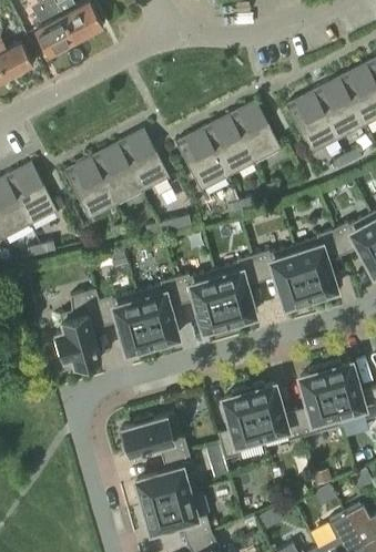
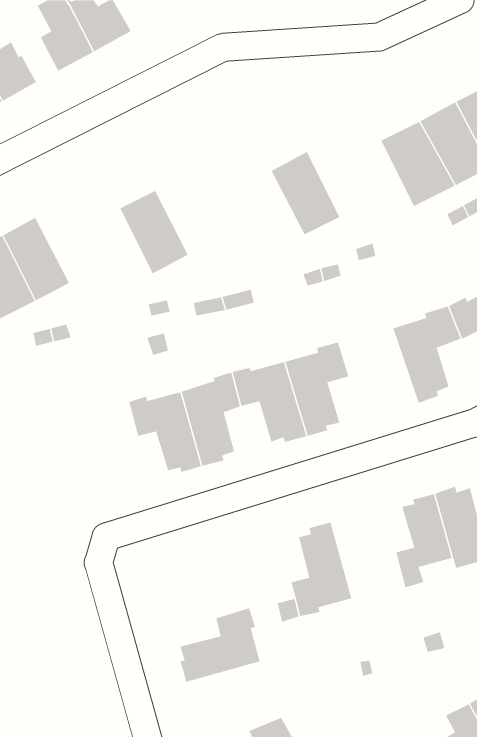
building: [231,102,280,163] -> none
building: [174,129,228,192] -> none
building: [119,130,167,191] -> none
building: [62,156,116,221] -> none
building: [254,245,313,306] -> none
building: [53,288,105,368] -> none
building: [248,384,303,444] -> none
building: [120,413,189,459] -> none
building: [141,491,212,542] -> none

